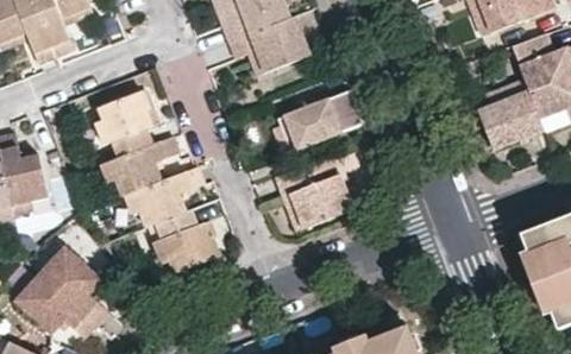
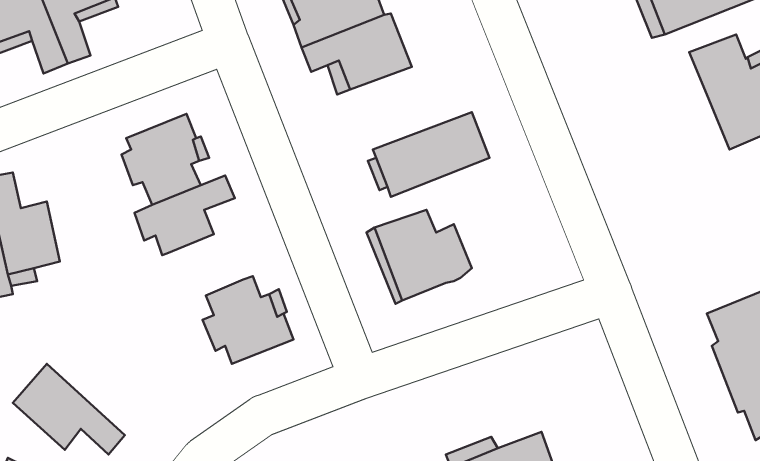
building: [476,77,545,151] -> none
building: [127,166,202,227] -> none
building: [39,247,108,327] -> none

